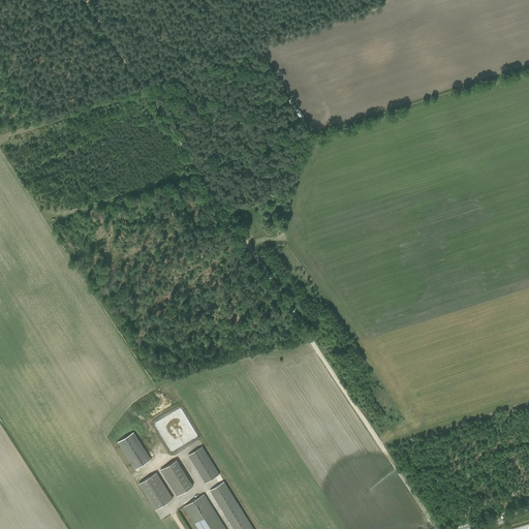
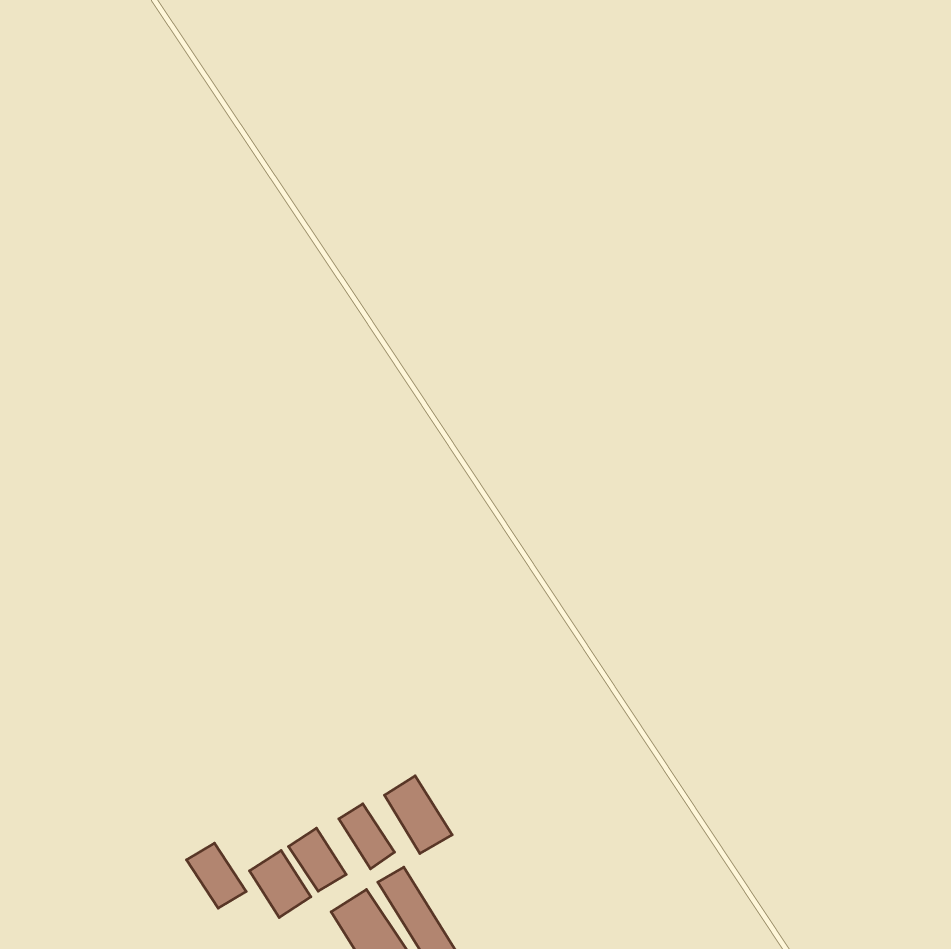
building: none -> [385,776,452,854]
building: [118,433,151,469] -> [187,843,246,908]

